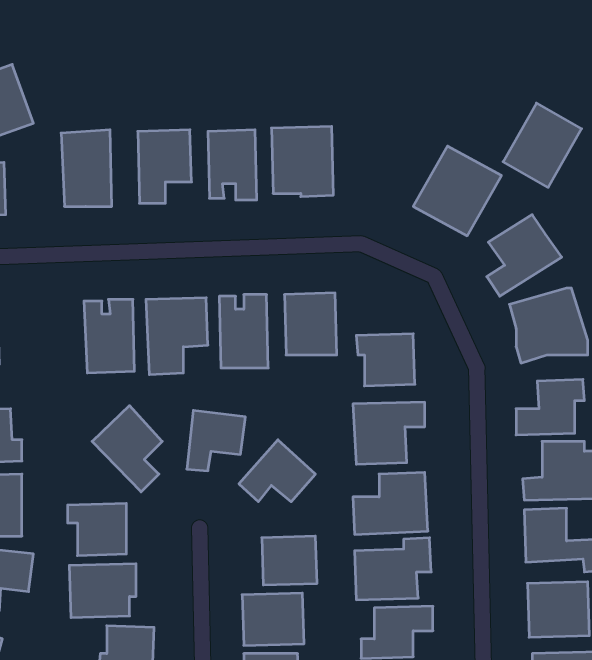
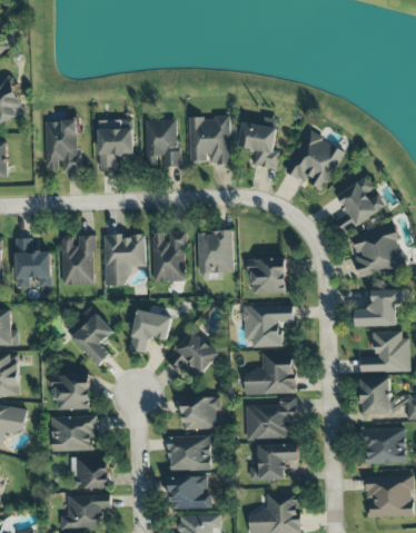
building: [503,103,582,187] -> none
building: none -> [239,117,278,168]
building: none -> [14,238,50,288]

